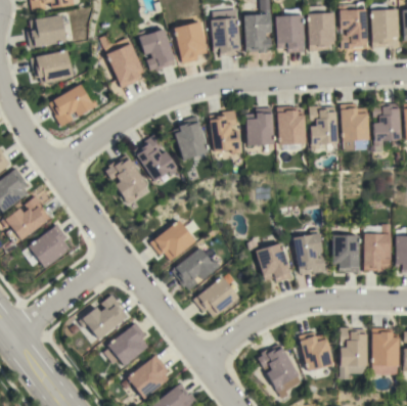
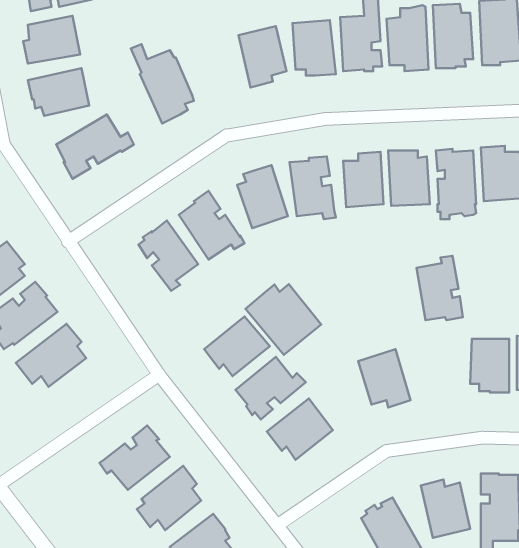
building: [138,29,176,71] -> none
building: none -> [245,284,321,355]
building: [295,229,326,273] -> [417,256,463,320]

